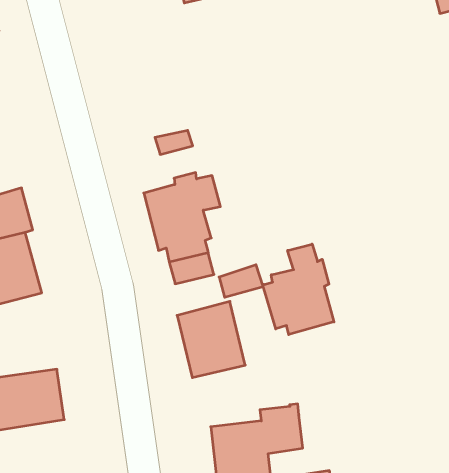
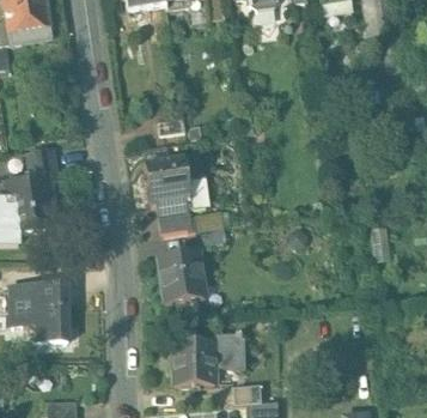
building: [263,244,334,335] -> none

